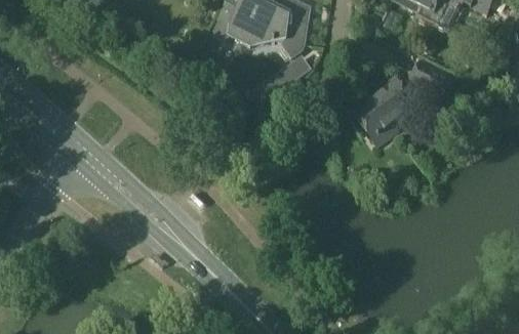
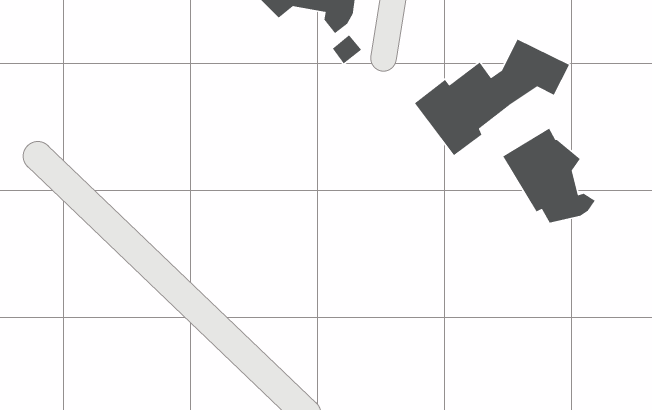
building: none -> [502,128,596,223]

